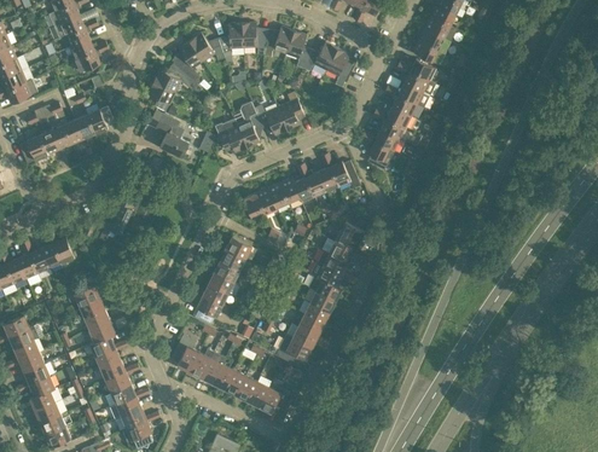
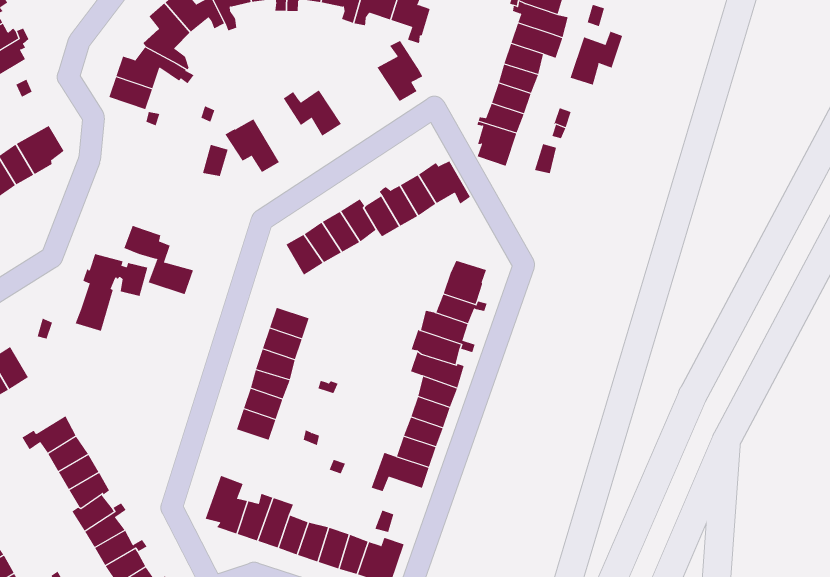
building: [277,92,304,129] -> [376,40,423,102]
building: none -> [570,31,623,86]
building: [237,102,262,147] -> none
building: [147,110,188,157] -> [123,225,194,295]

